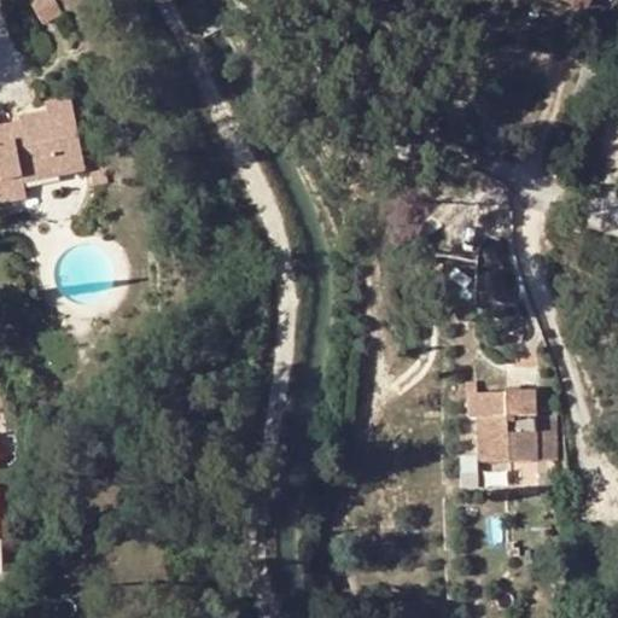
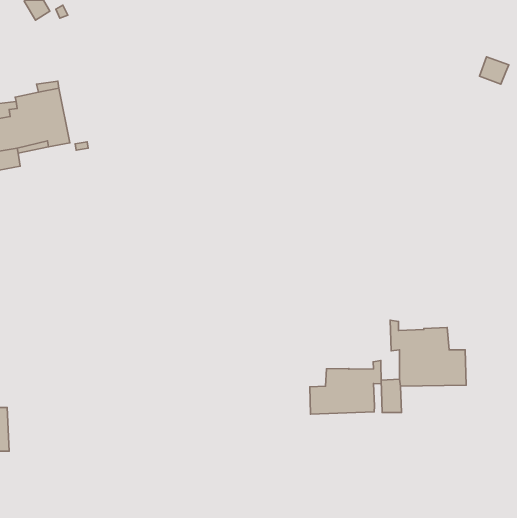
building: none -> [310,361,381,414]

